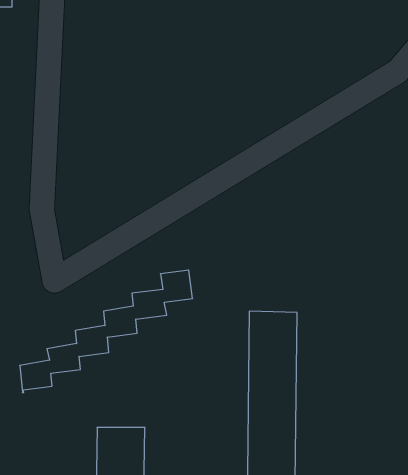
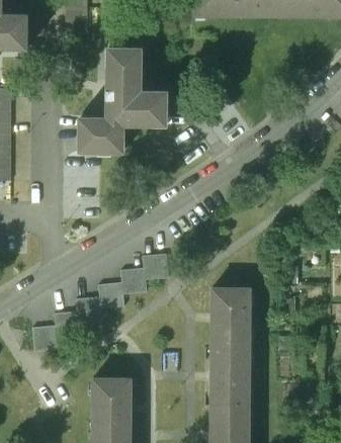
building: none -> [79,48,167,152]

